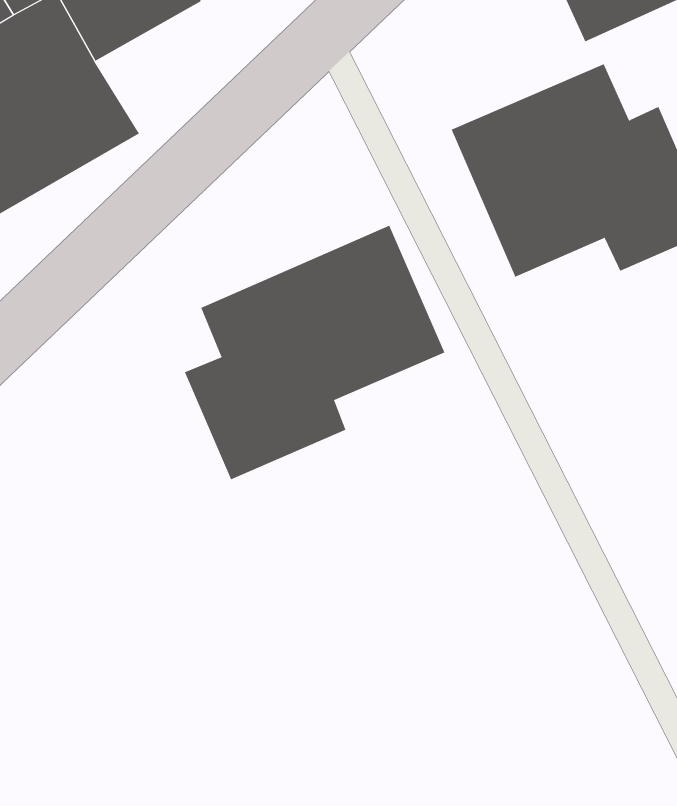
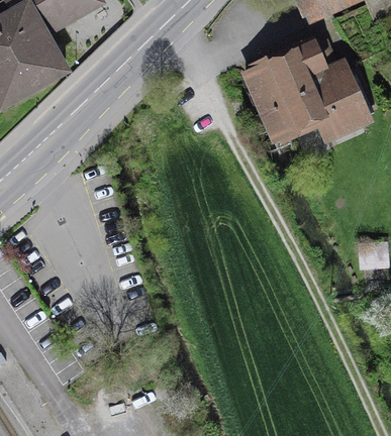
building: [184,225,445,480] -> none

